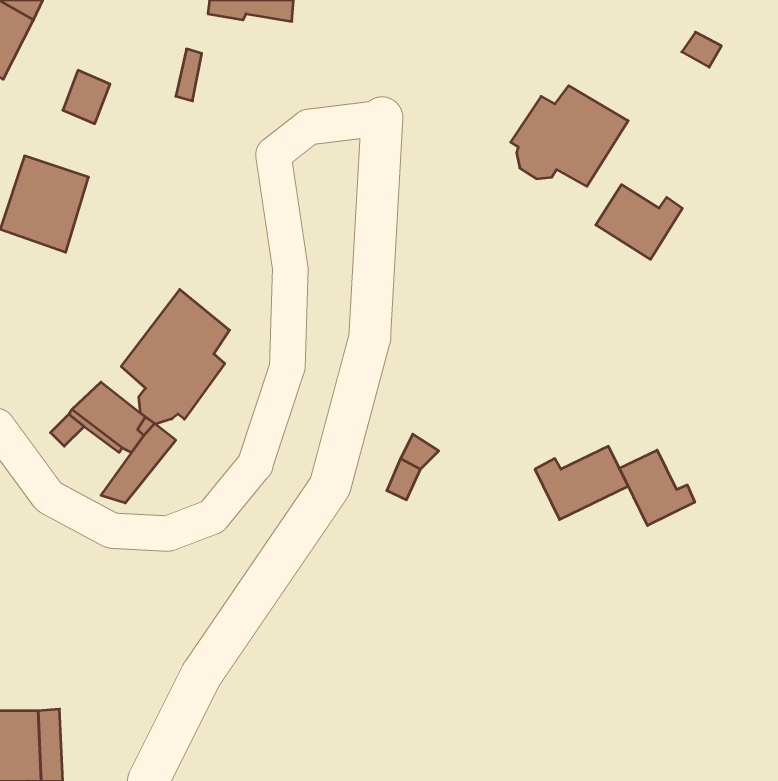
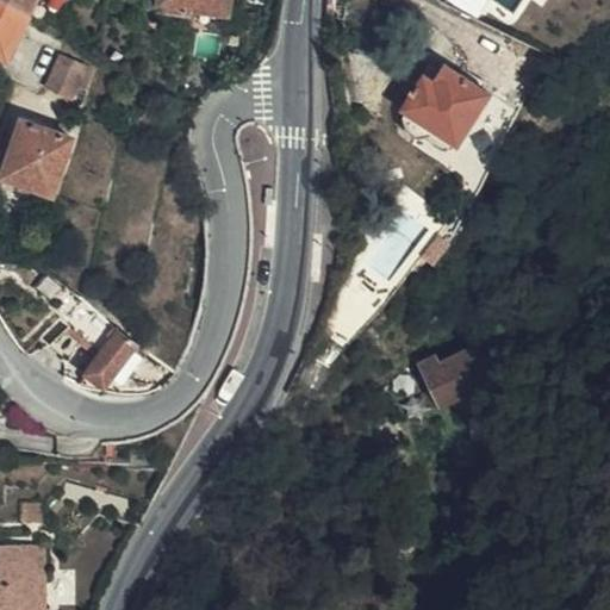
building: [596,185,682,259] -> none
building: [121,289,230,424] -> none
building: [619,450,695,526] -> none

